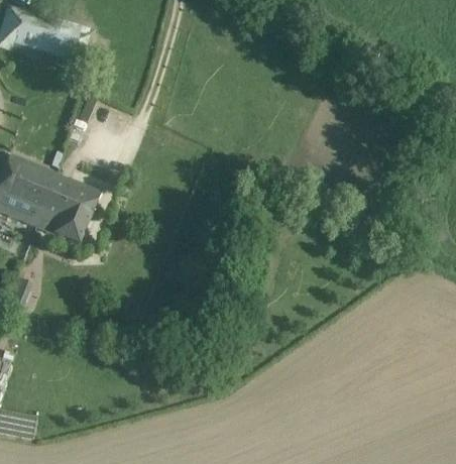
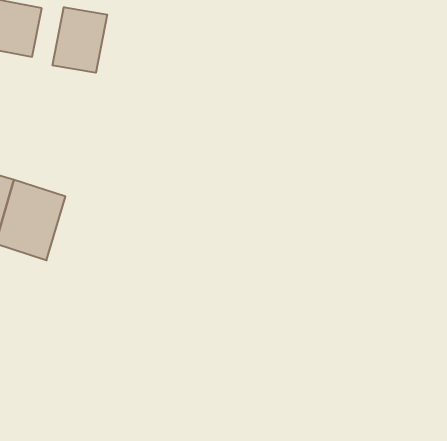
building: none -> [53,7,107,73]

